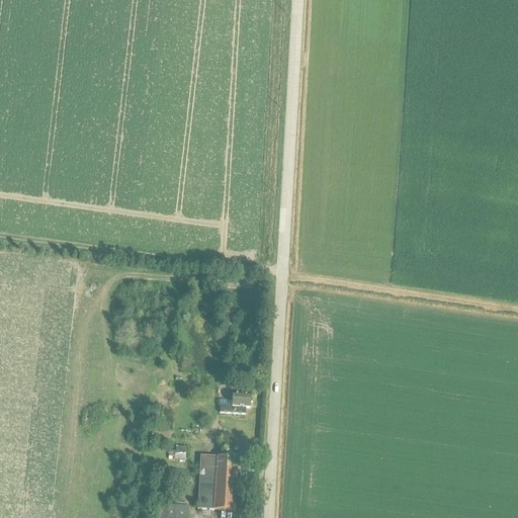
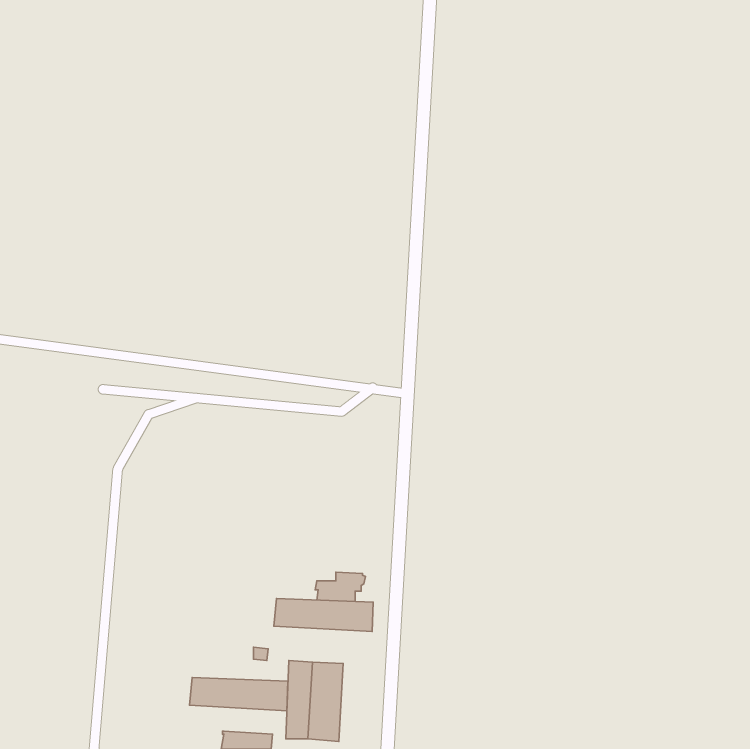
building: none -> [274,599,373,632]
building: none -> [189,678,288,711]

